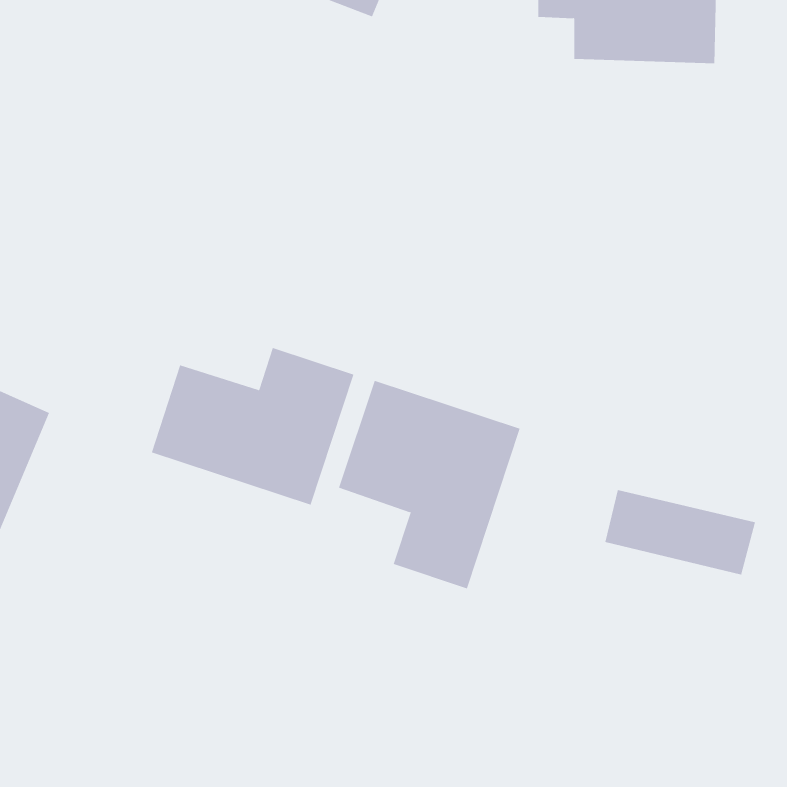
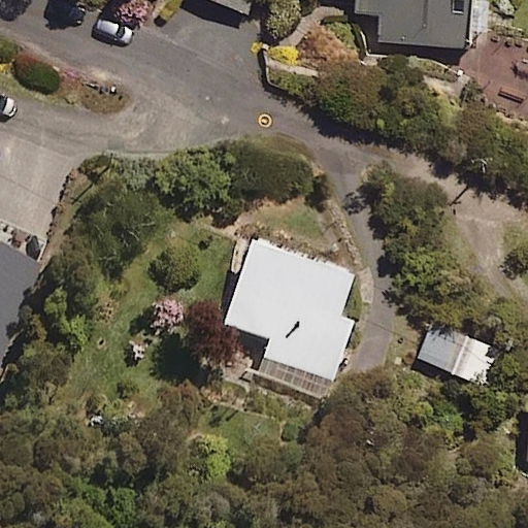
building: [151,347,354,506] -> none

